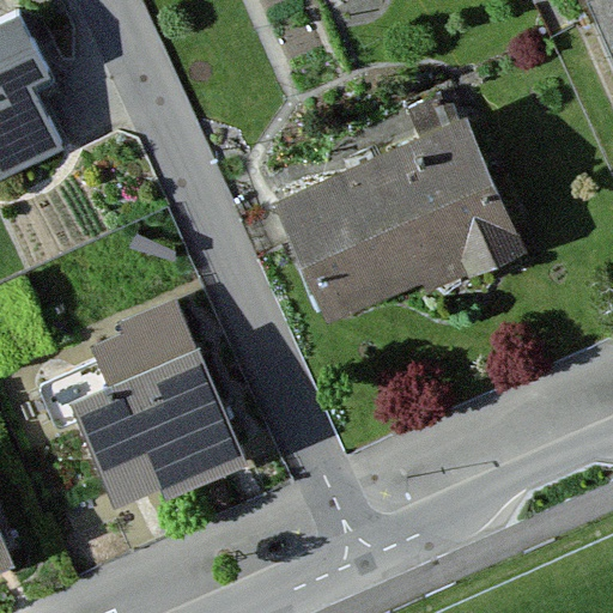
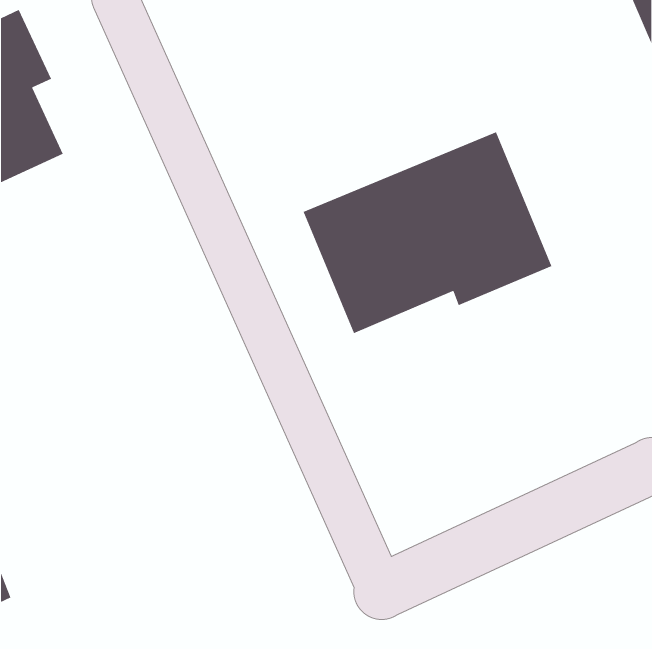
building: [69,311,237,502] -> none

